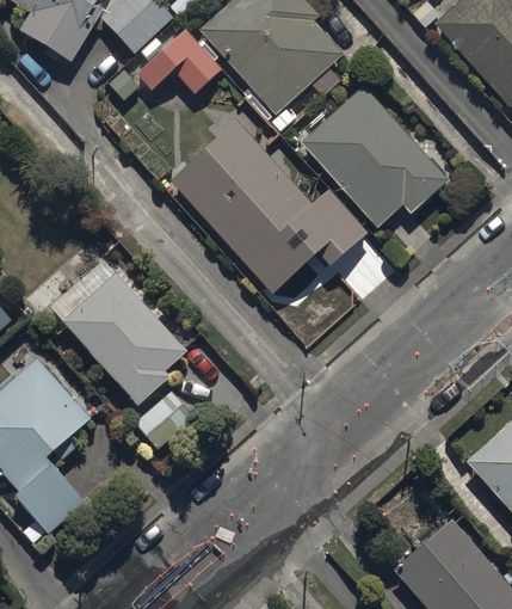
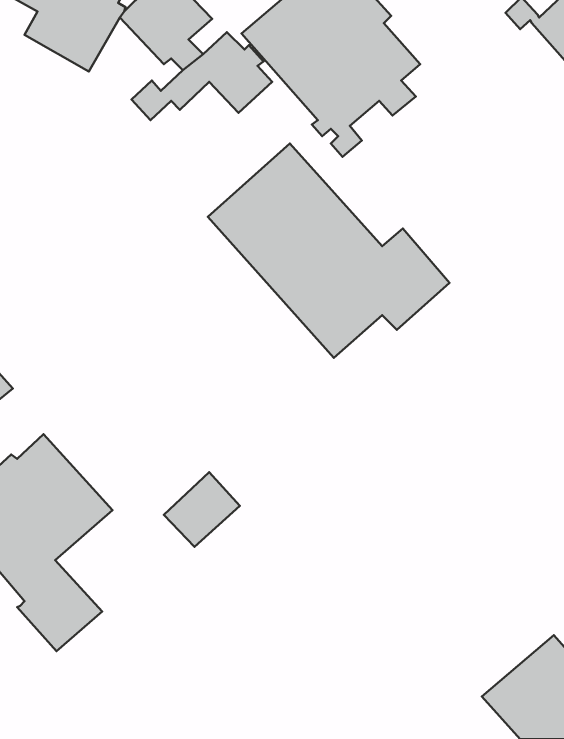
building: [301,86,449,226] -> none
building: [62,272,186,405] -> none

